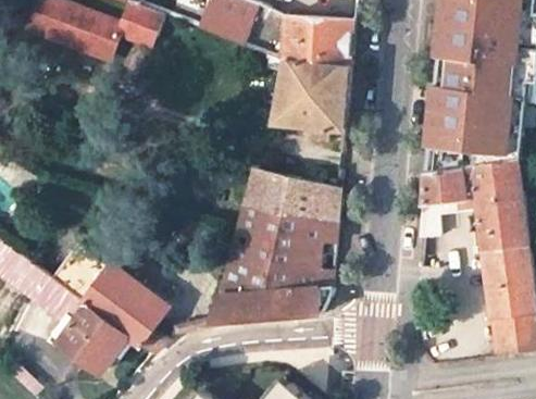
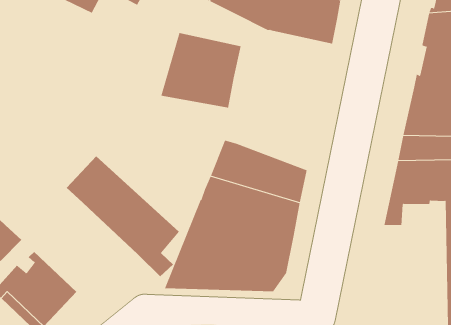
building: [274,59,348,127] -> [160,32,242,108]
building: [48,244,164,356] -> [66,156,180,277]

